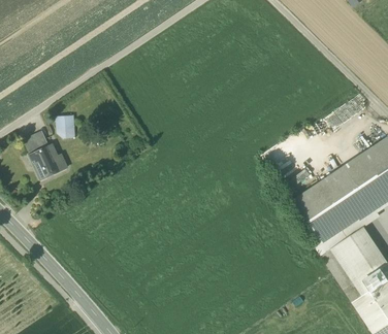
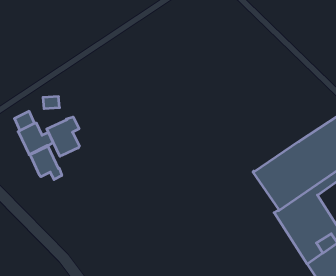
building: none -> [47,117,79,156]
building: none -> [30,146,62,180]

